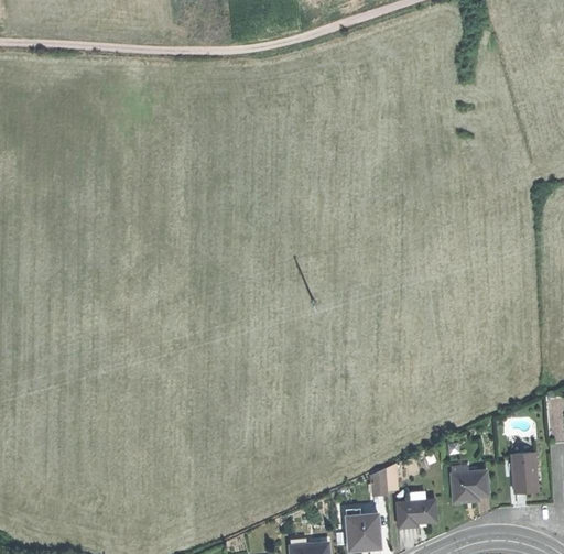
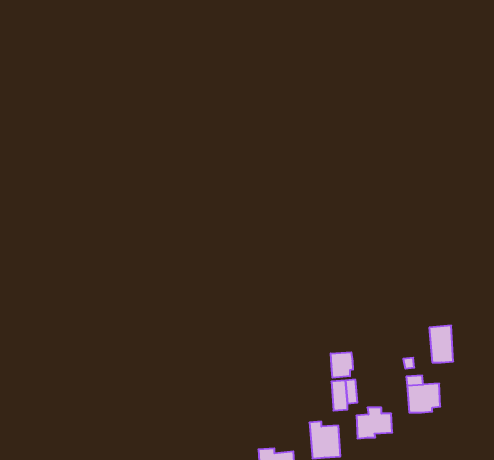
building: none -> [331,352,353,378]
building: [512,452,539,492] -> [429,326,453,362]

